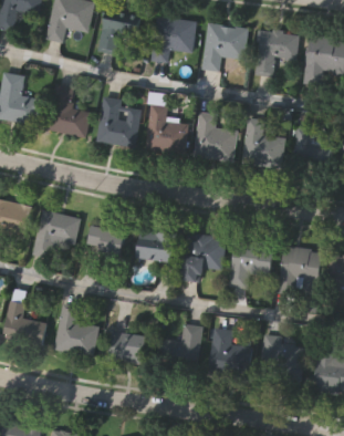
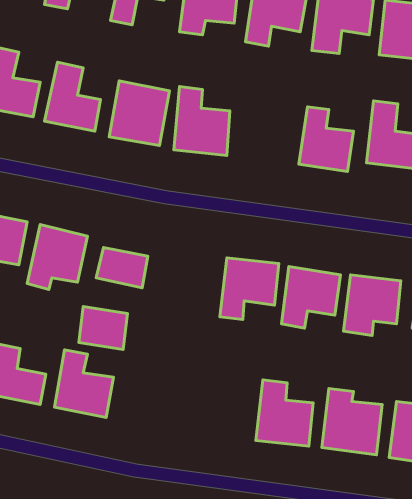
building: [196,113,239,162] -> none
building: [136,228,177,261] -> none
building: [159,323,204,364] -> none
building: [110,331,147,364] -> [79,306,128,350]

